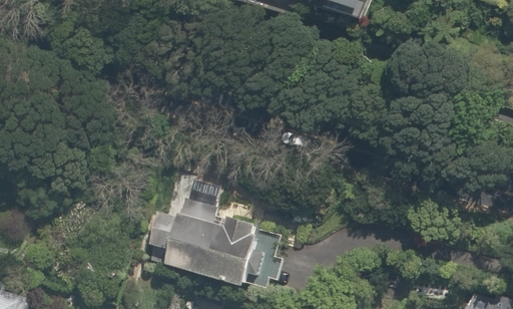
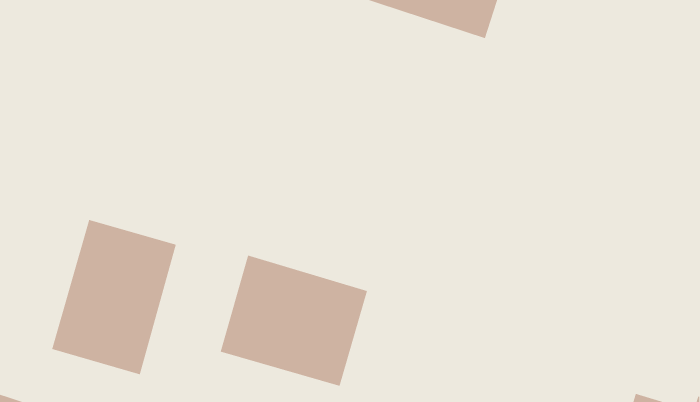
building: none -> [52,219,177,375]

